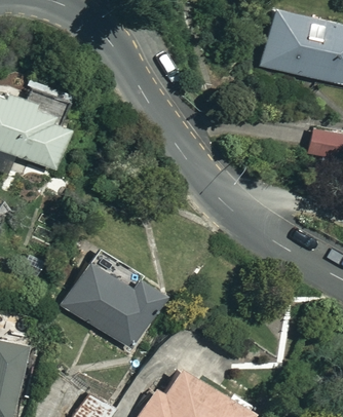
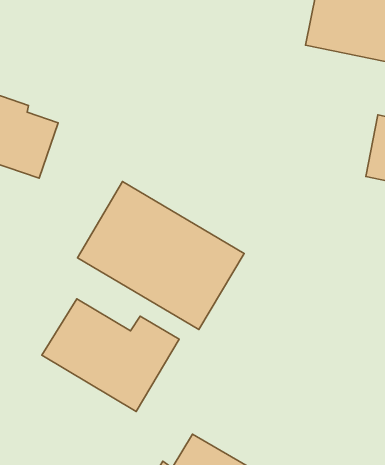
building: none -> [77,182,244,330]

